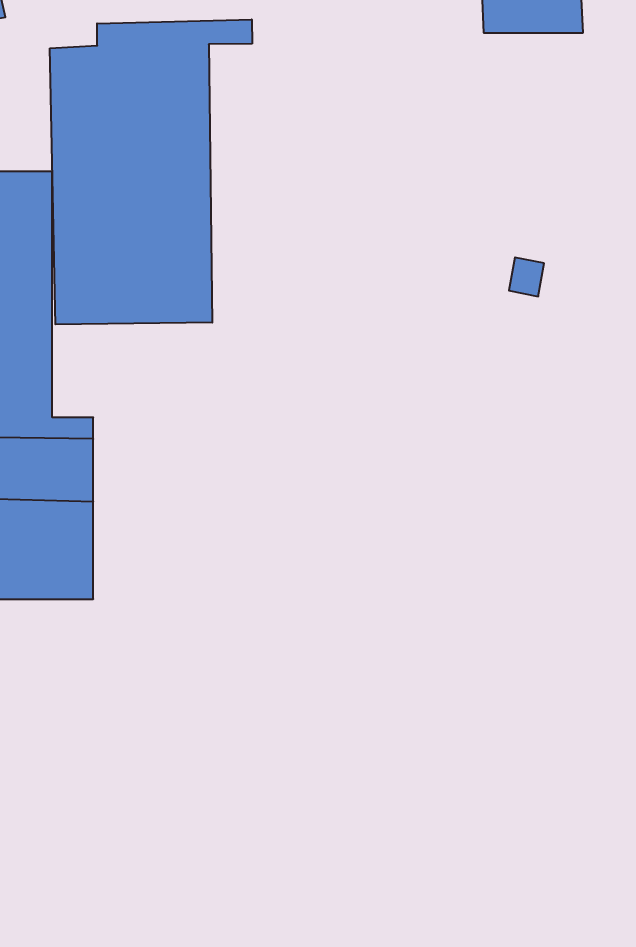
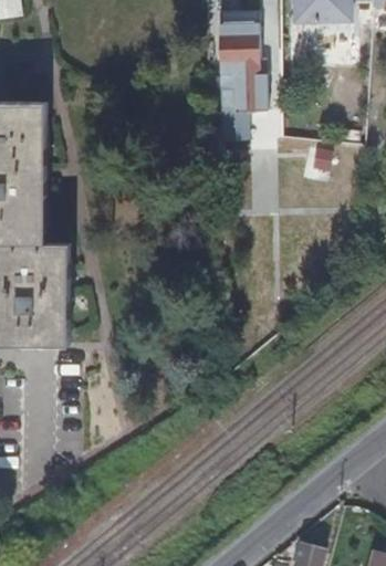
building: none -> [219,14,264,144]
building: [50,19,252,324] -> none

